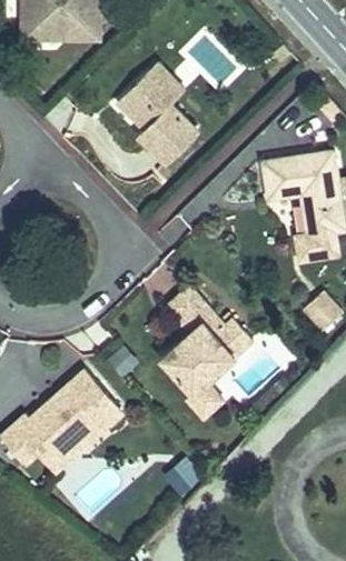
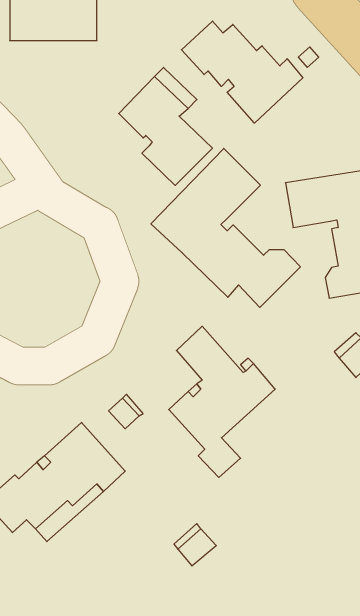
building: none -> [181,21,303,123]
building: none -> [151,148,300,307]

